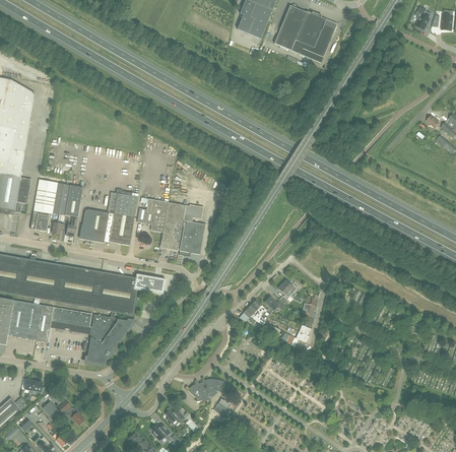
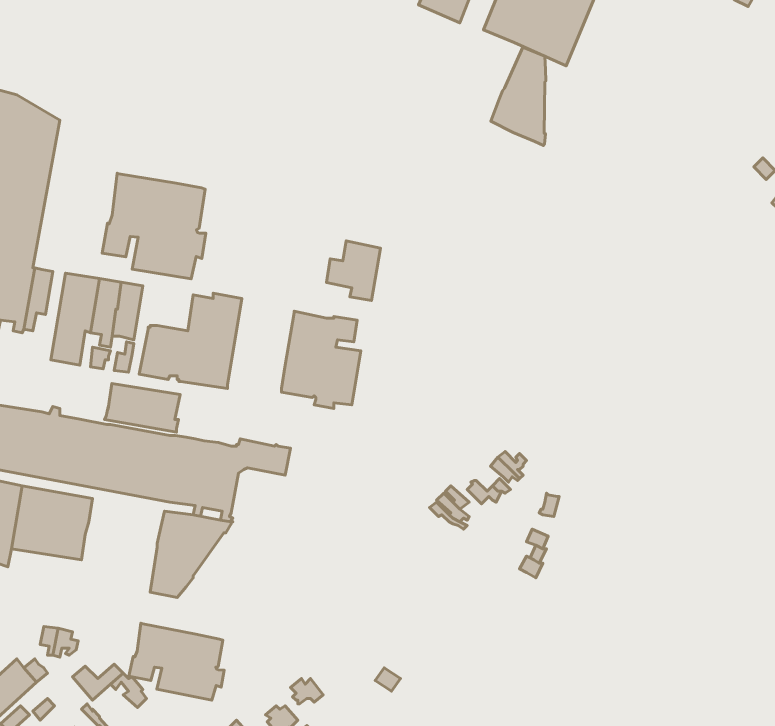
building: none -> [491,47,546,146]
building: none -> [102,173,206,279]
building: [136,198,167,232] -> [327,241,381,300]
building: [49,307,91,334] -> [104,384,180,432]
building: none -> [129,623,224,700]
building: [187,378,223,401] -> none

